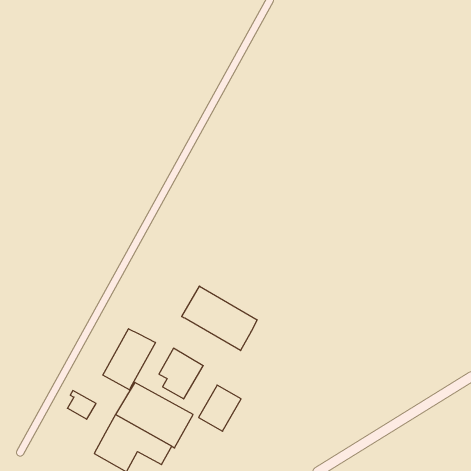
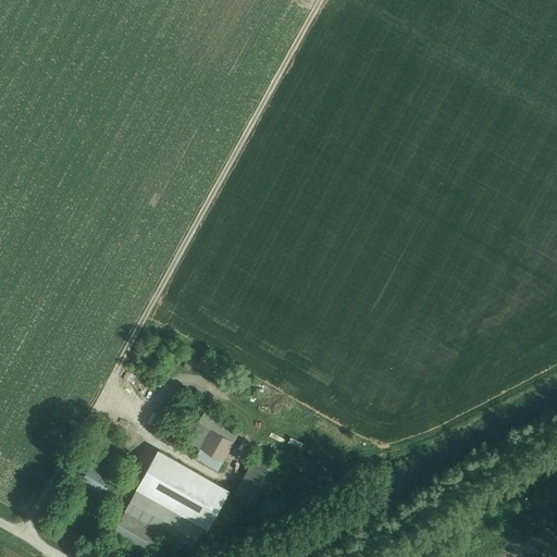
building: [182,286,257,351] -> none
building: [103,329,155,390] -> none

